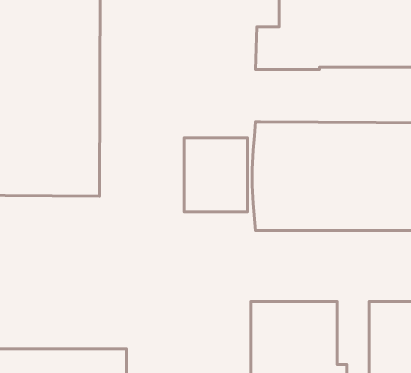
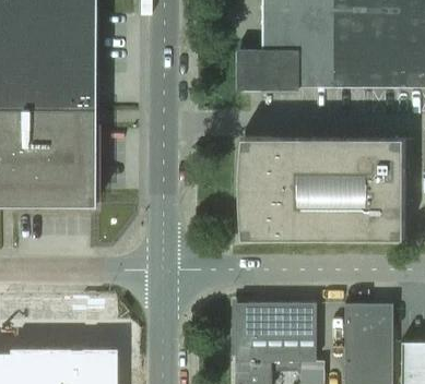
building: [184,138,247,212] -> none

